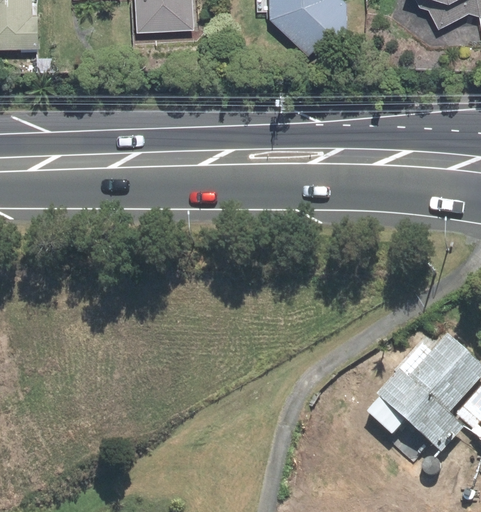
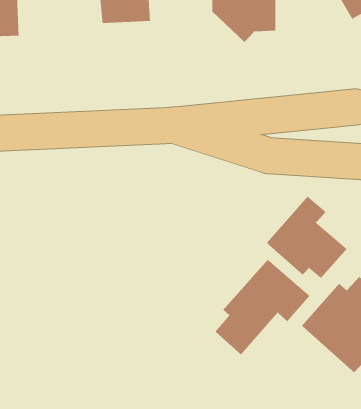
building: none -> [266,196,347,279]
building: none -> [215,259,310,355]

